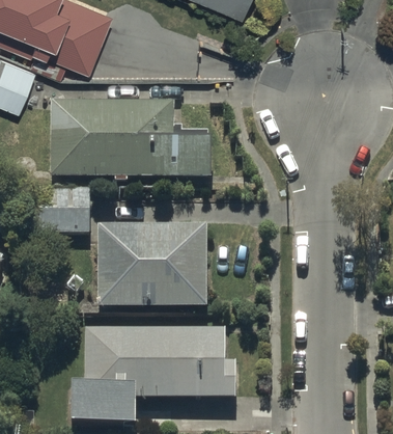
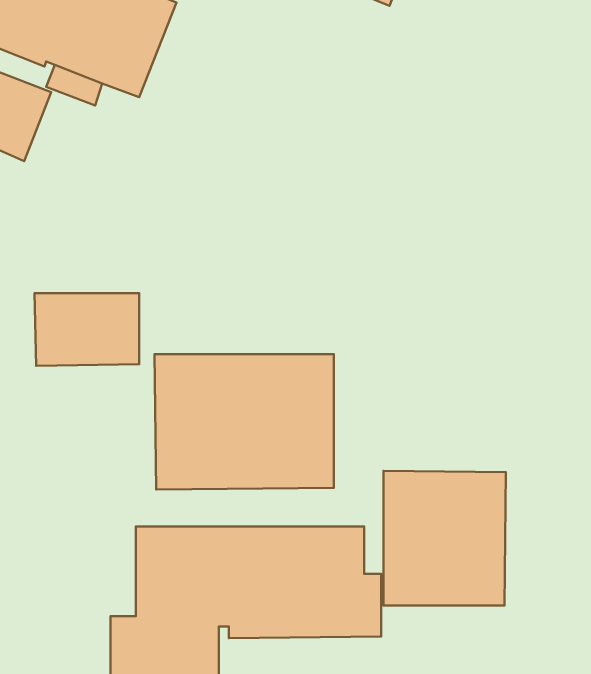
building: [53,102,213,180] -> none
building: none -> [384,471,506,606]

